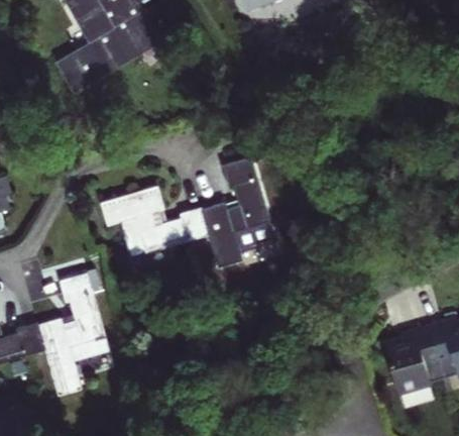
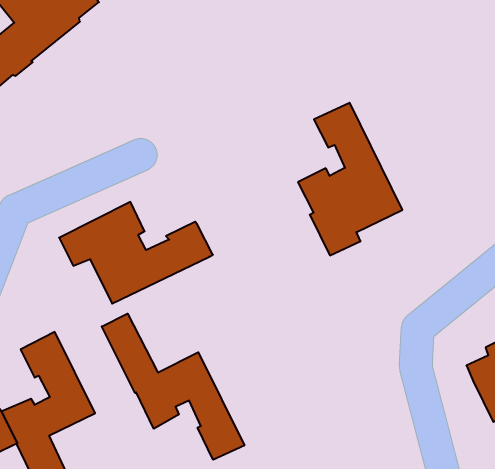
building: [203,158,276,268] -> [298,103,402,255]
building: none -> [102,314,244,460]

